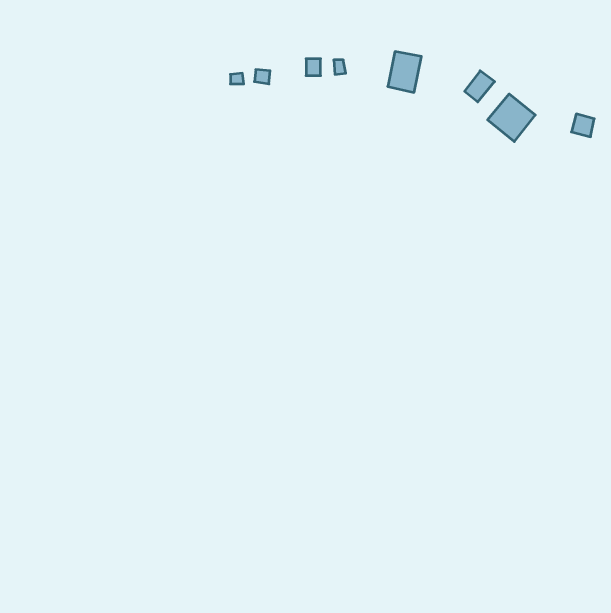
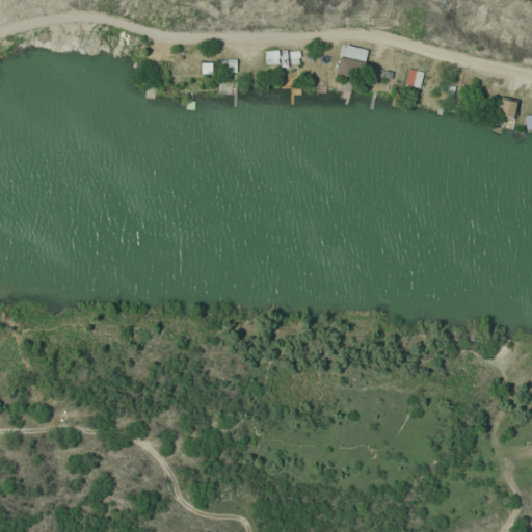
building: [488,94,535,142] -> none

